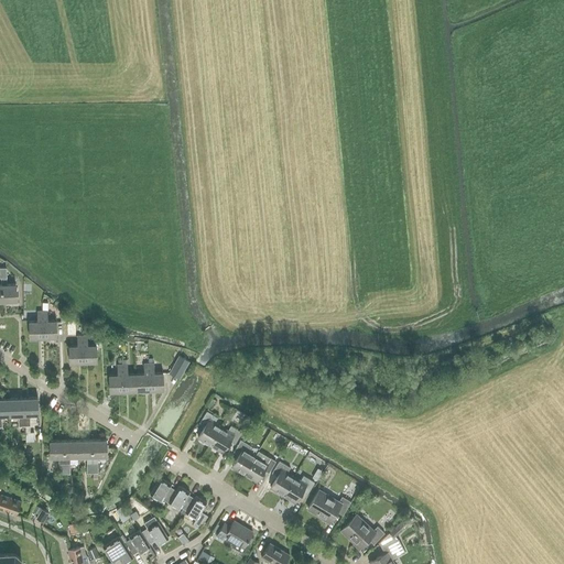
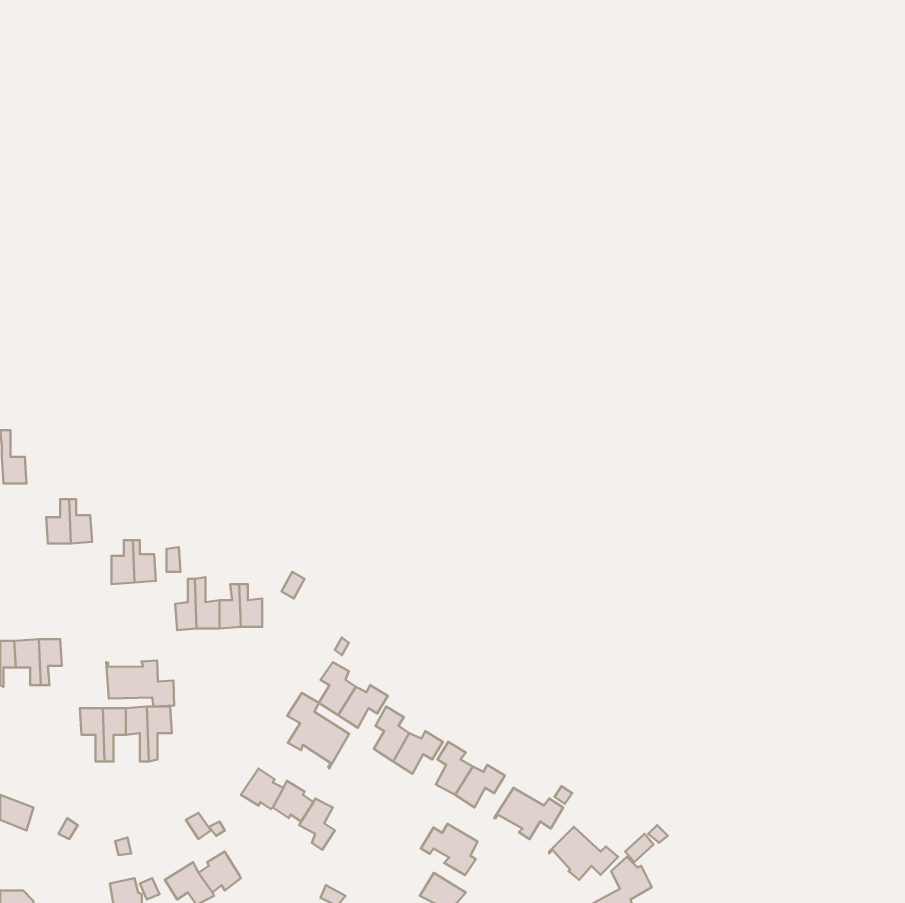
building: none -> [106,660,174,706]
building: none -> [287,693,349,768]
building: [141,518,169,546] -> none
building: [217,522,252,554] -> [421,824,478,875]

